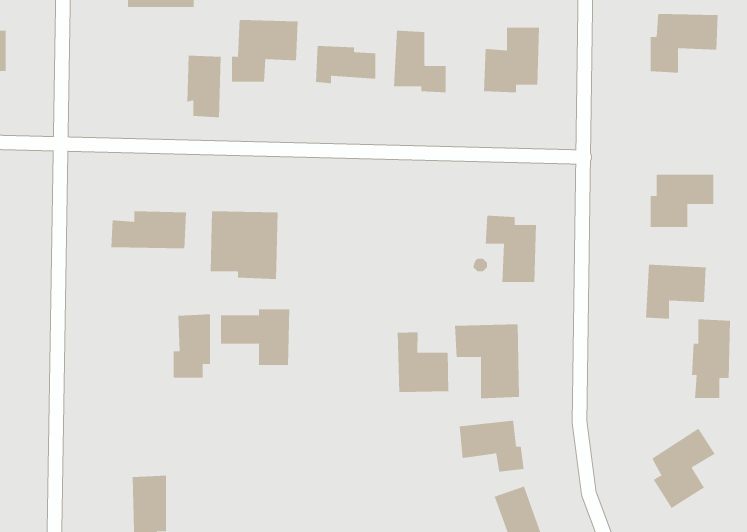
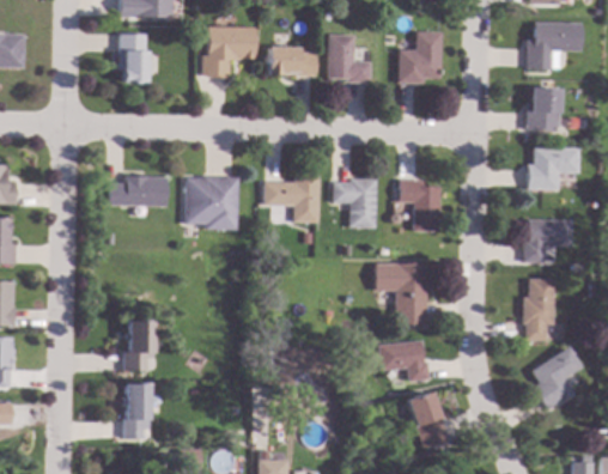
building: [186,55,222,118] -> [118,32,146,81]
building: none -> [528,87,561,130]
building: none -> [334,180,377,227]
building: [220,309,290,365] -> [265,178,320,223]
building: [173,314,211,378] -> [124,320,154,370]
building: [691,319,731,398] -> [523,278,554,340]
building: [397,331,449,393] -> none

